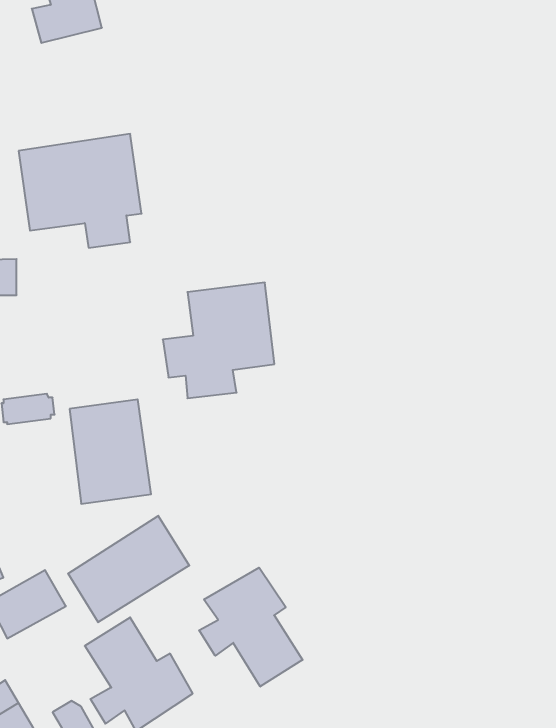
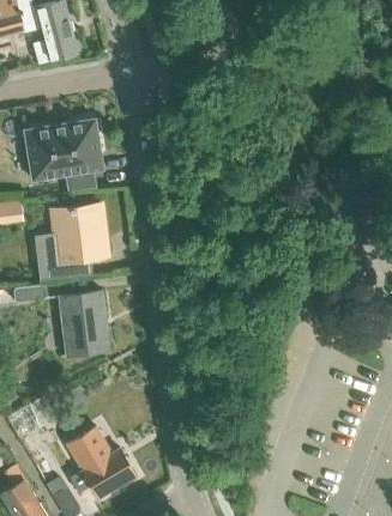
building: [163,283,274,398] -> [36,204,107,277]
building: [68,516,189,622] -> none
building: [199,568,303,687] -> none

